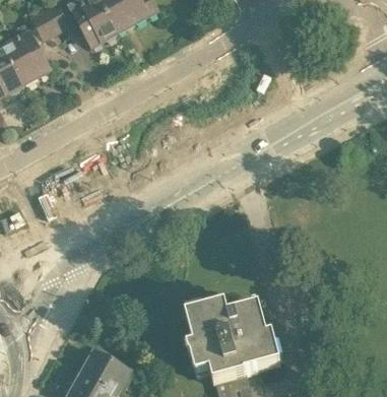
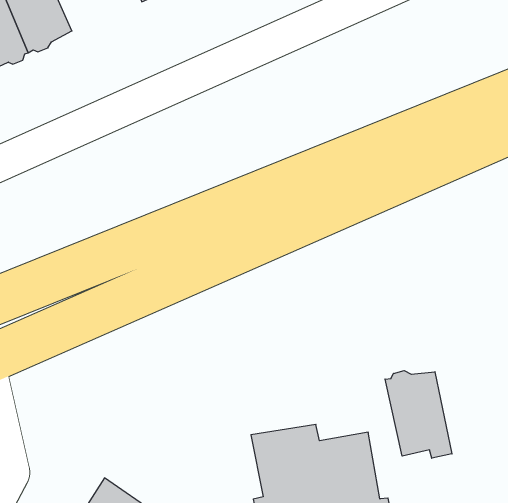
building: none -> [385,371,452,458]

